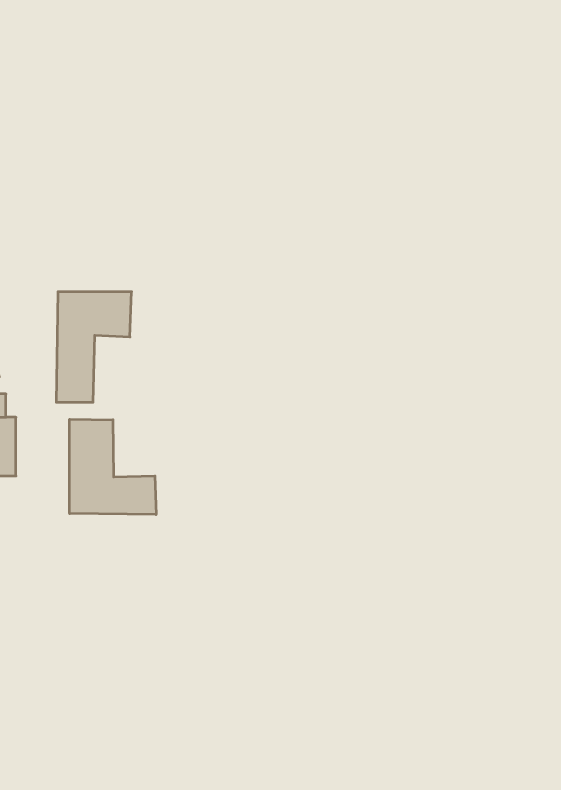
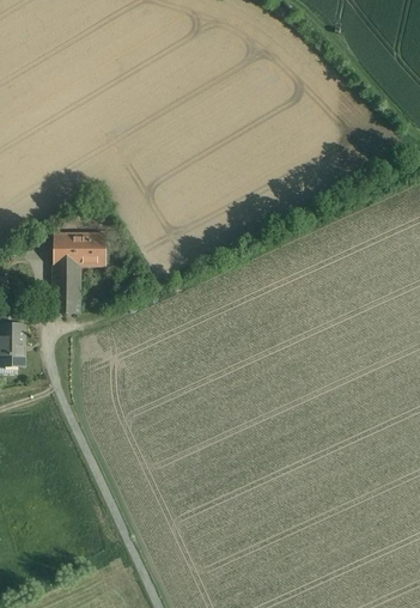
building: [70,419,156,515] -> none

